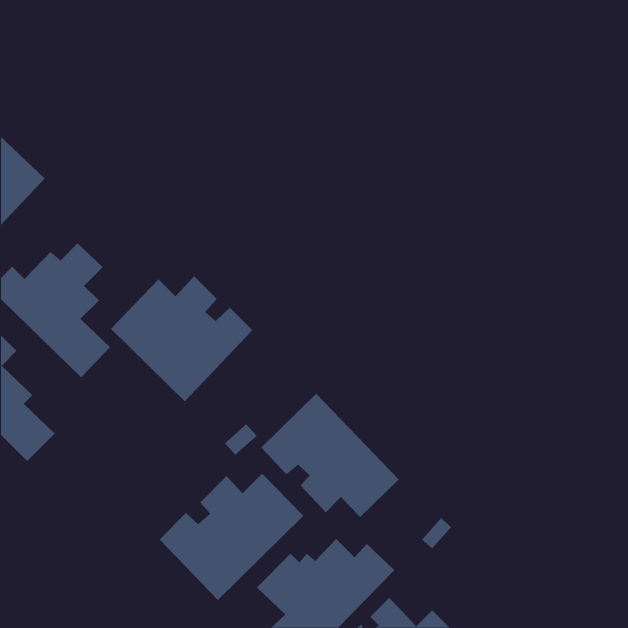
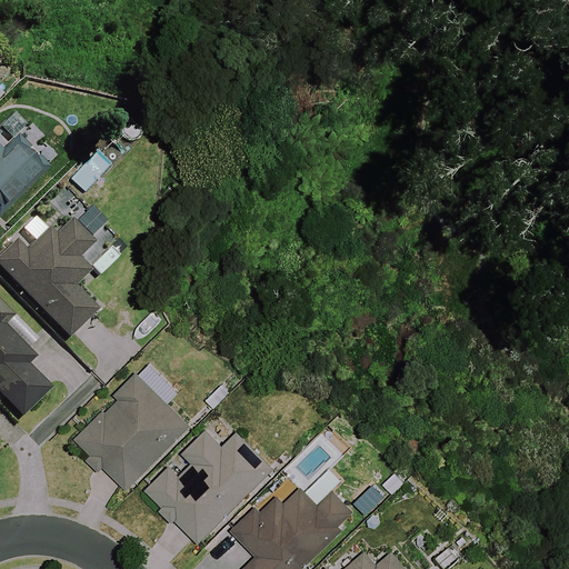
building: [110,275,253,402] -> none
building: [260,393,399,518] -> none
building: none -> [72,371,192,491]

